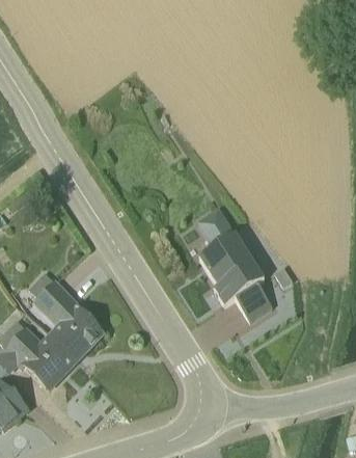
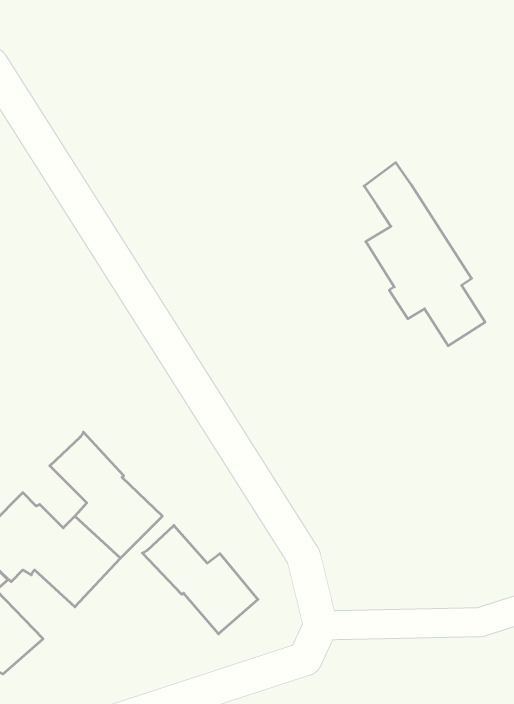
building: [197,207,272,320] -> [364,163,485,346]
building: none -> [142,525,258,634]

